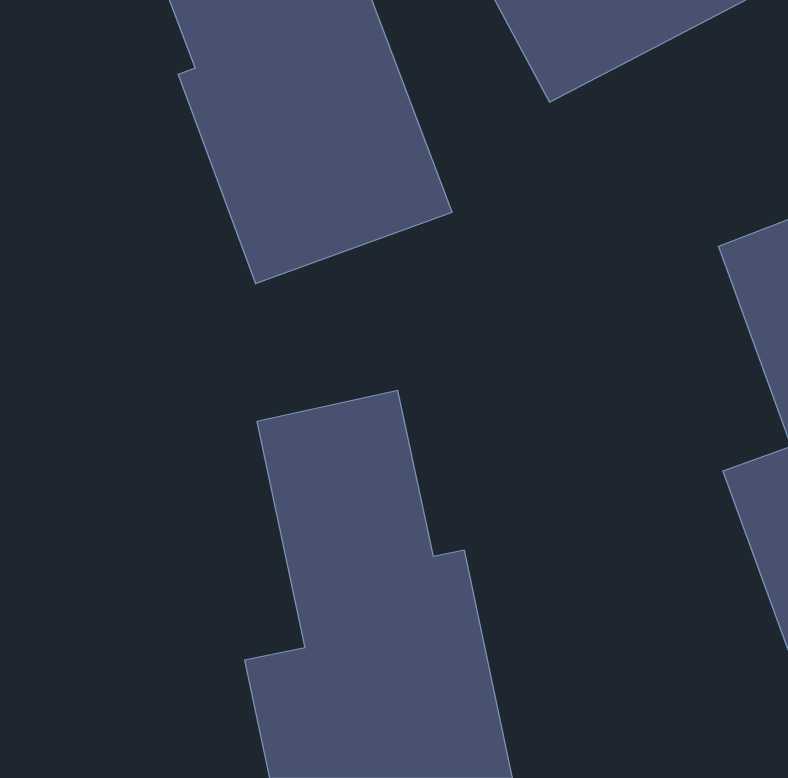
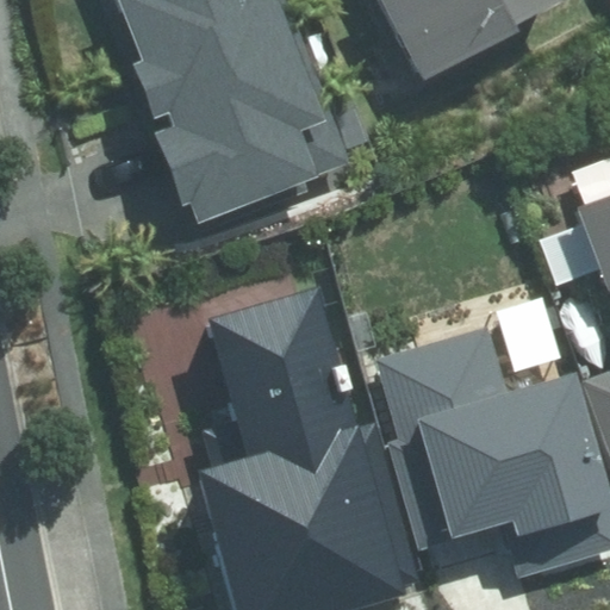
building: none -> [384,371,589,550]

